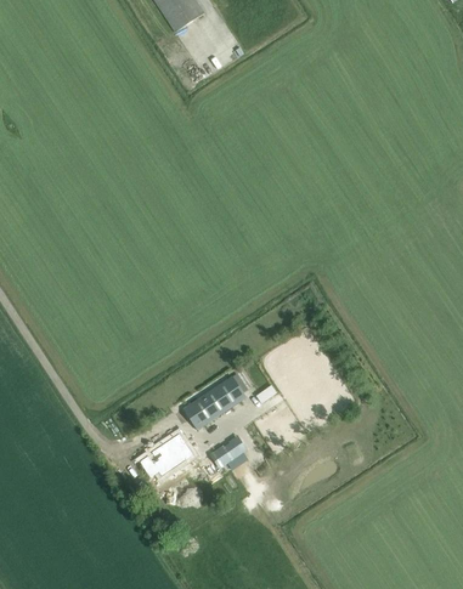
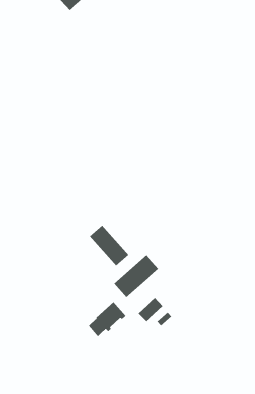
building: none -> [89,225,129,266]

